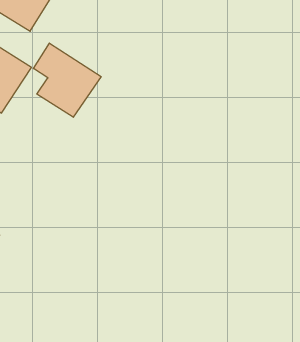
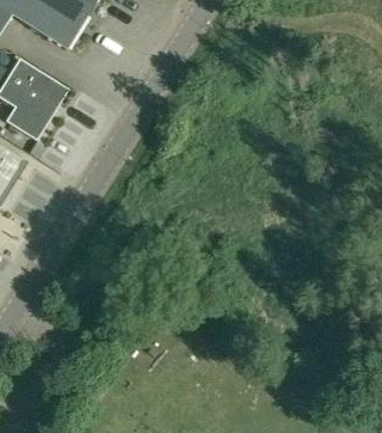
building: [33,43,101,117] -> none

